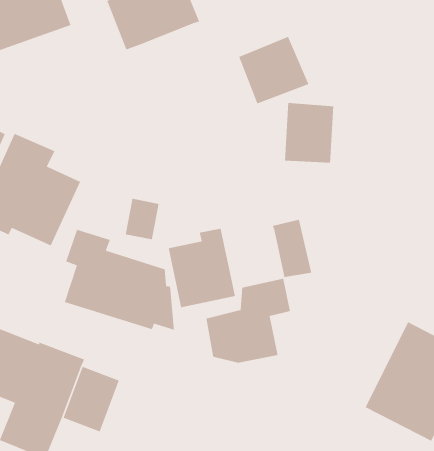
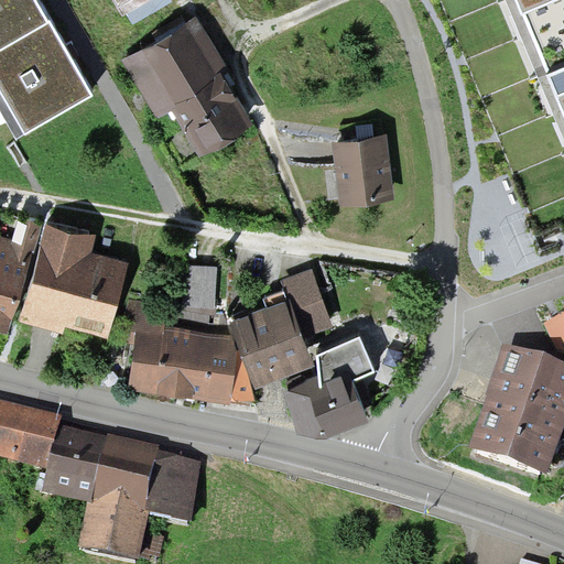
building: [238,36,309,105] -> [170,69,251,149]
building: [272,219,312,278] -> [282,267,334,333]

